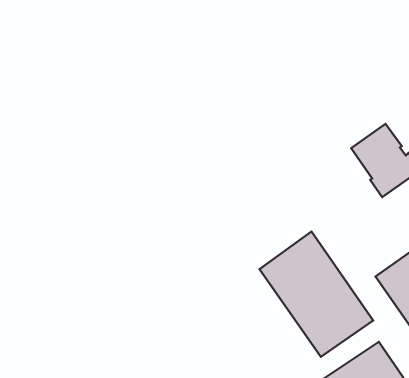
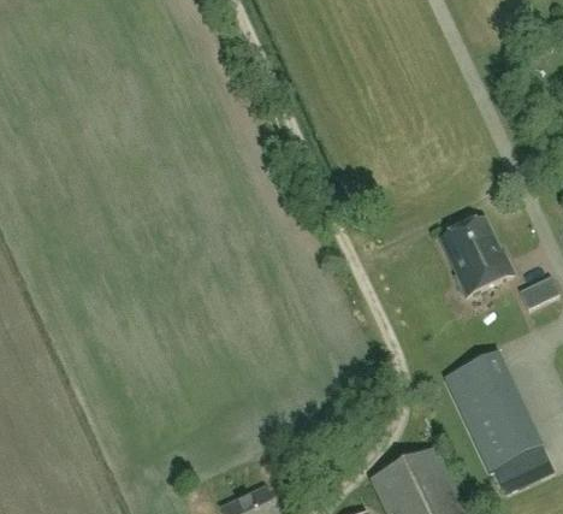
building: [259,232,373,357] -> none

